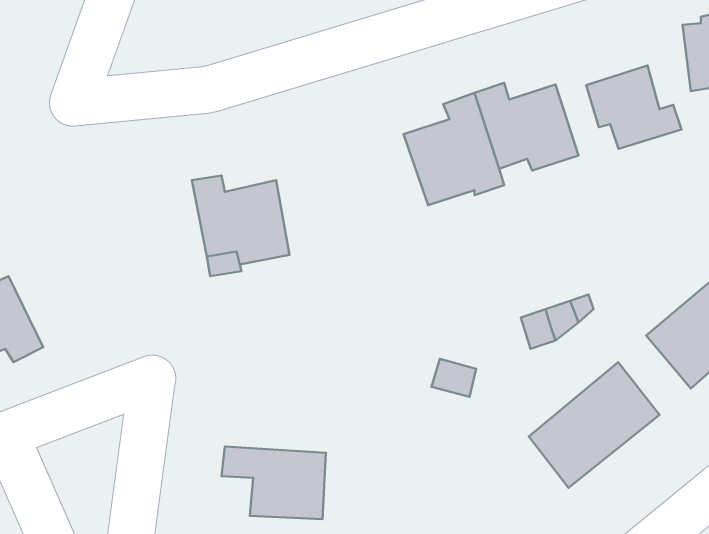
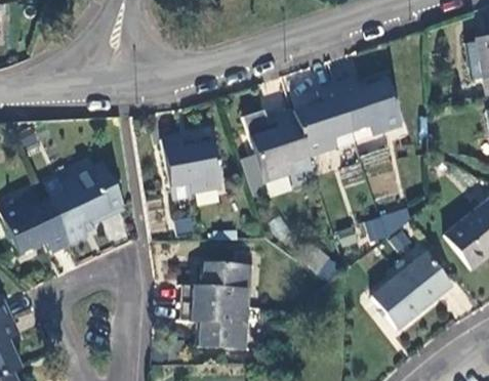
building: [586,65,681,149] -> none
building: none -> [251,110,318,186]
building: none -> [49,165,125,242]
building: none -> [184,262,248,307]

